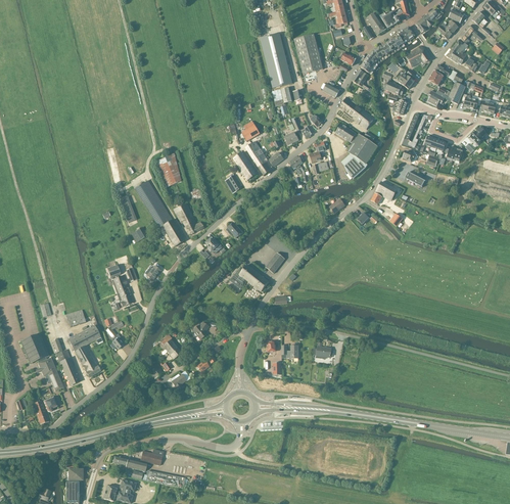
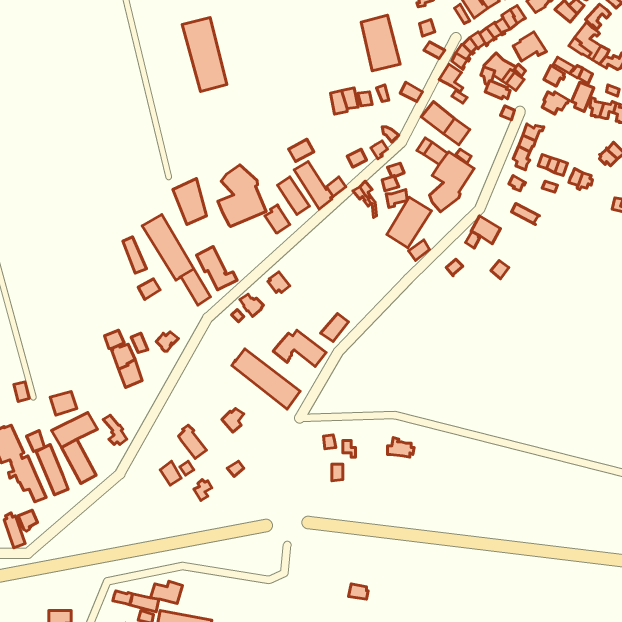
building: [260,34,292,88] -> [182,18,227,92]
building: none -> [218,165,266,227]
building: none -> [387,197,431,248]
building: none -> [232,349,300,409]

